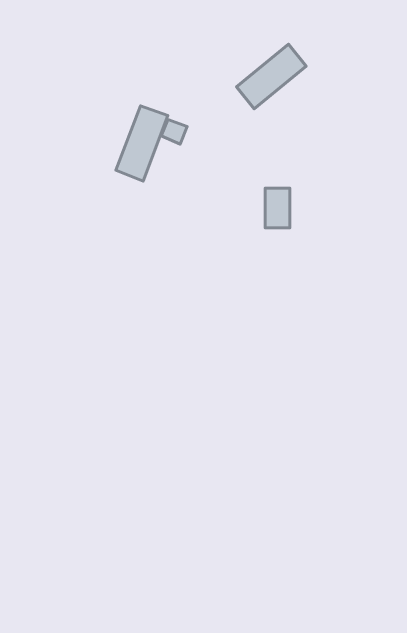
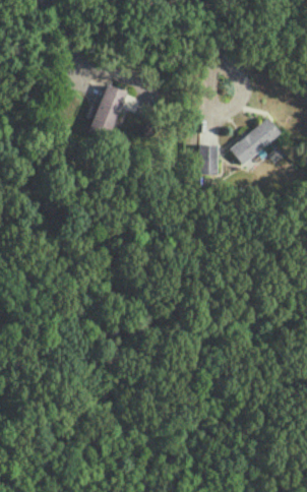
building: [236,44,306,109] -> [229,117,281,165]

